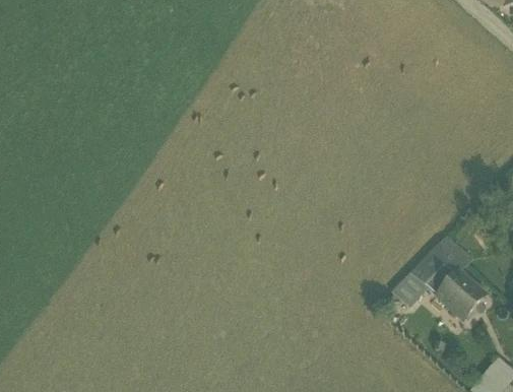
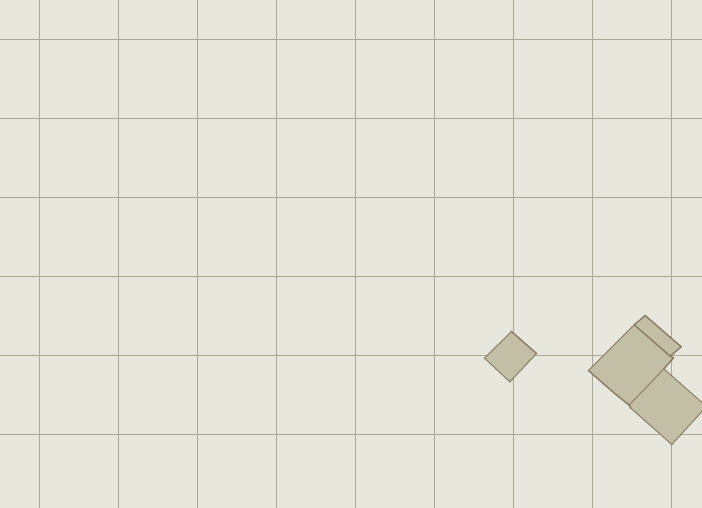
building: [393,271,427,304] -> [485,332,537,382]

